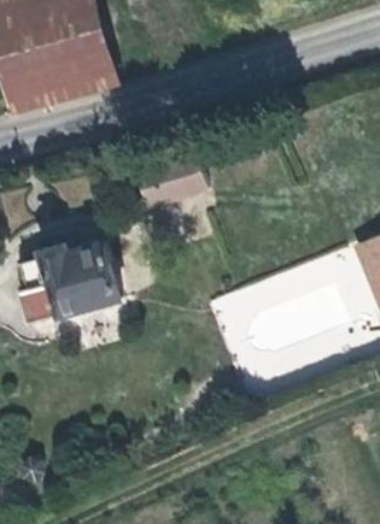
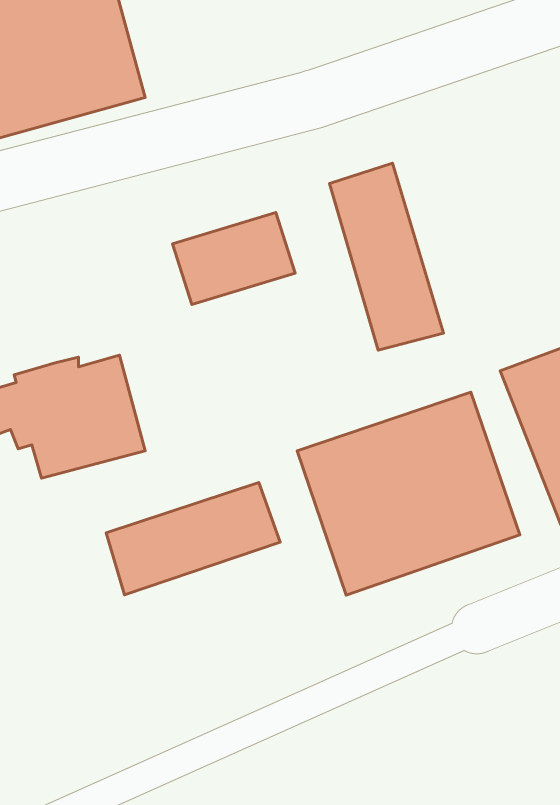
building: none -> [329,163,444,350]
building: none -> [106,483,280,595]

